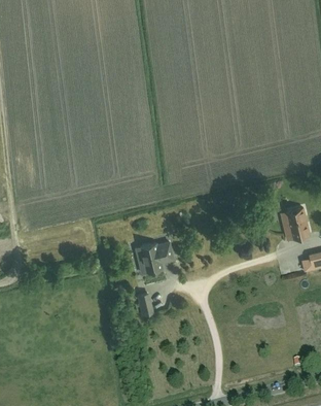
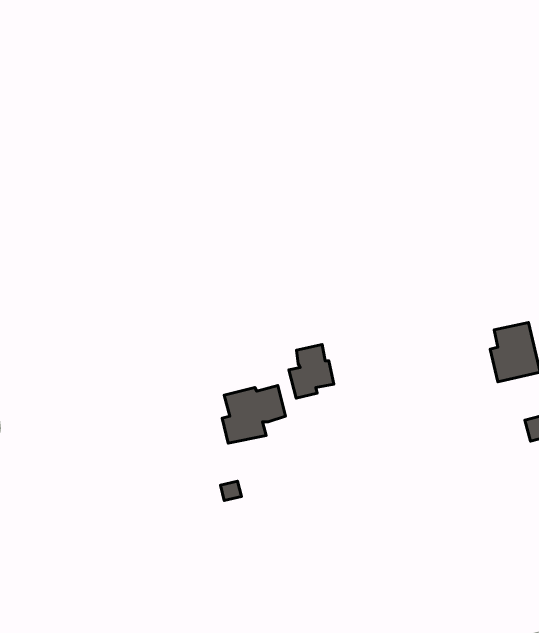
building: none -> [289,345,334,398]

